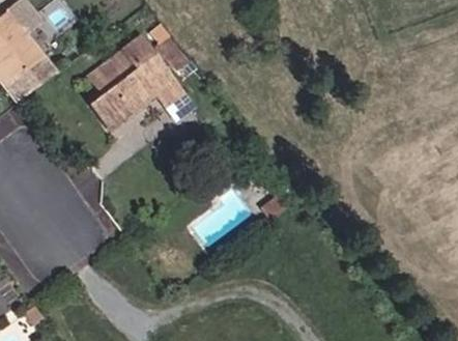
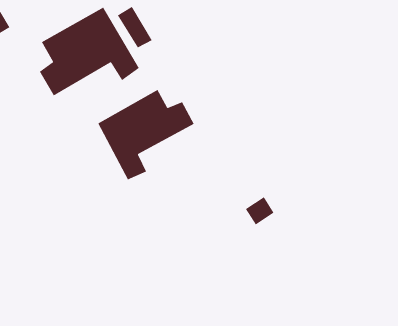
building: none -> [97,89,195,180]

